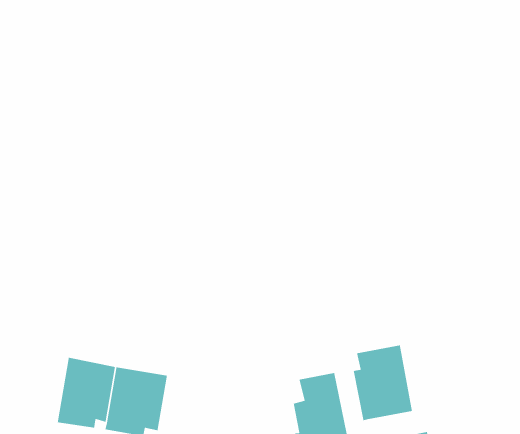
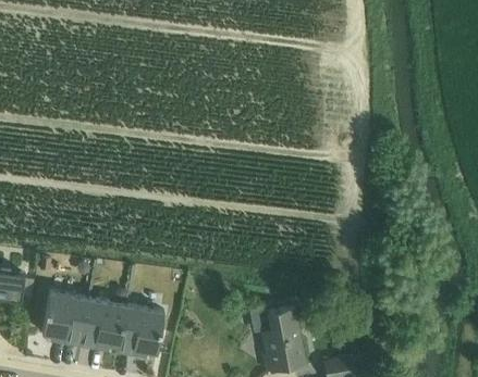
building: [353,344,413,421] -> none
building: none -> [42,290,88,348]

